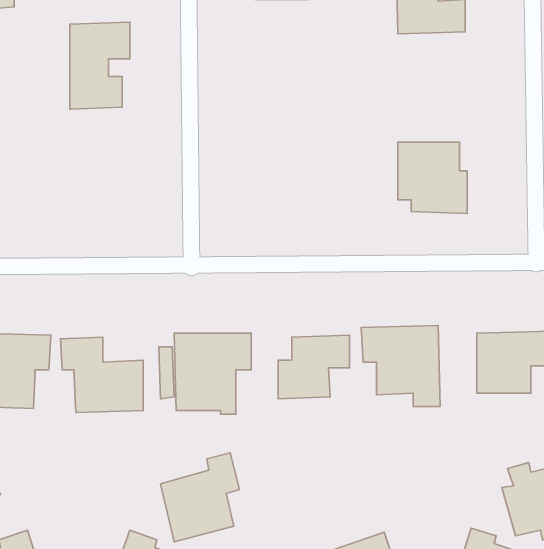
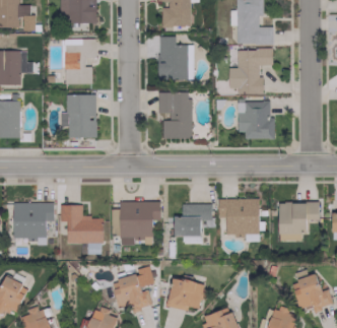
building: none -> [158,37,194,79]
building: none -> [228,49,273,94]
building: none -> [158,92,192,138]
building: none -> [61,94,96,138]
building: none -> [165,278,209,311]

